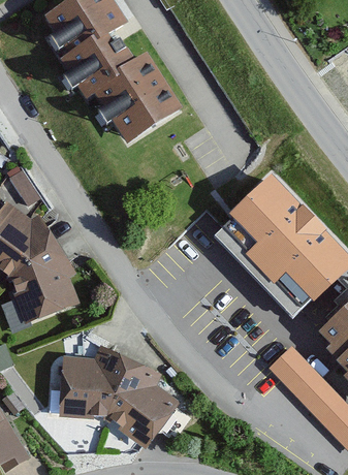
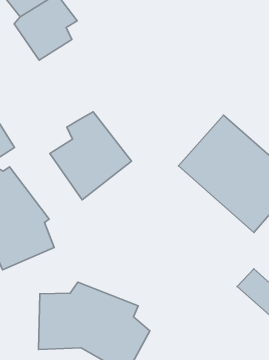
building: [91,54,179,148] -> [50,112,132,200]

